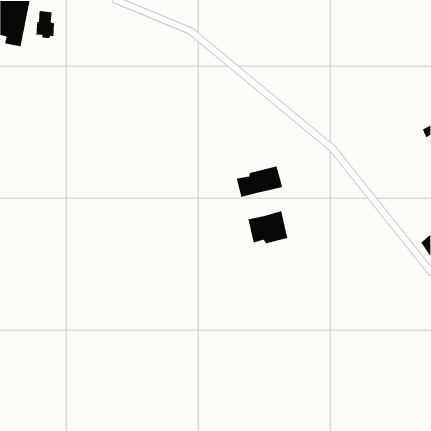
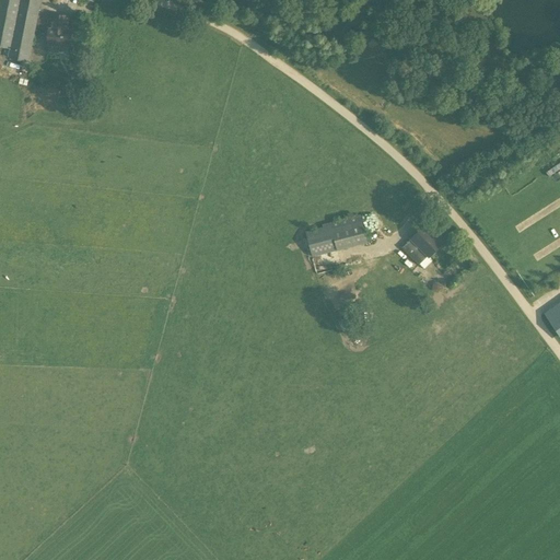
building: none -> [401,226,442,266]
building: [247,210,288,244] -> none

